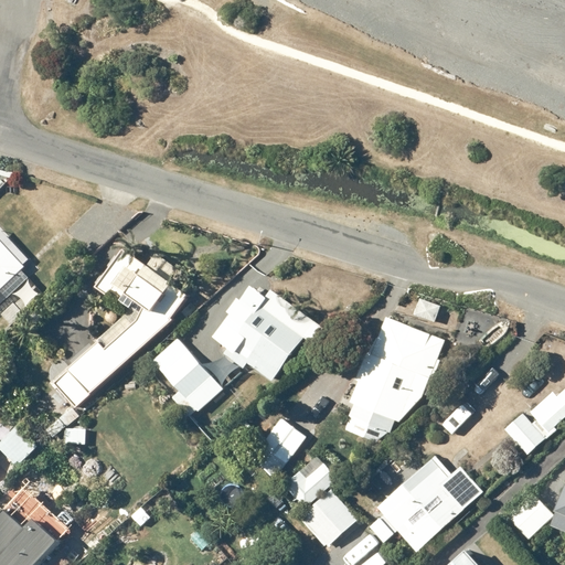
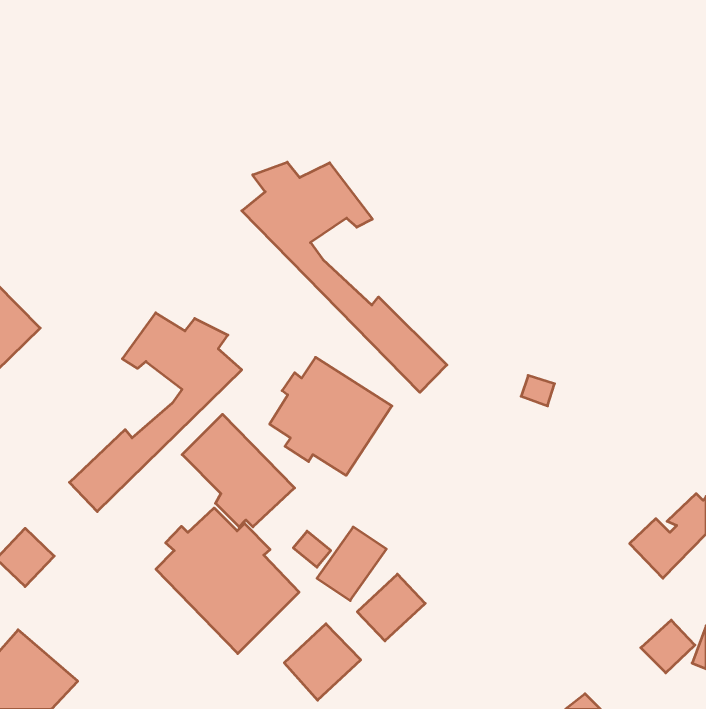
building: none -> [242,162,447,392]
building: [345,316,445,441] -> none
building: none -> [156,508,299,654]
building: [369,452,483,553] -> none
building: [299,489,360,550] -> [284,624,361,700]

